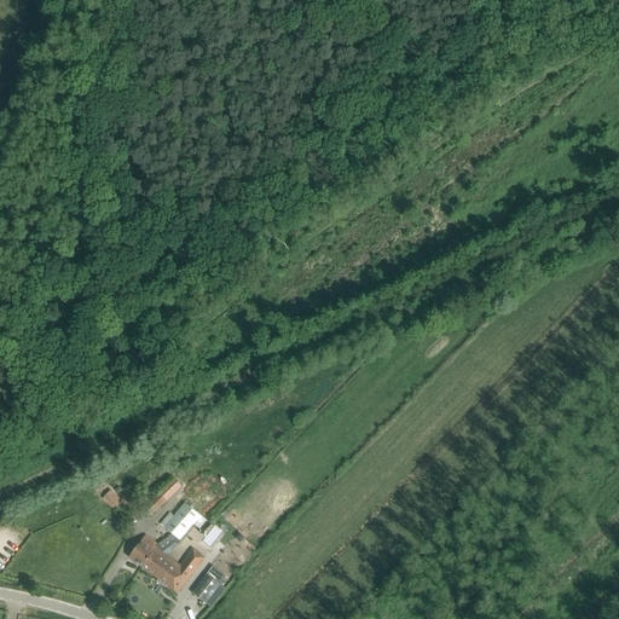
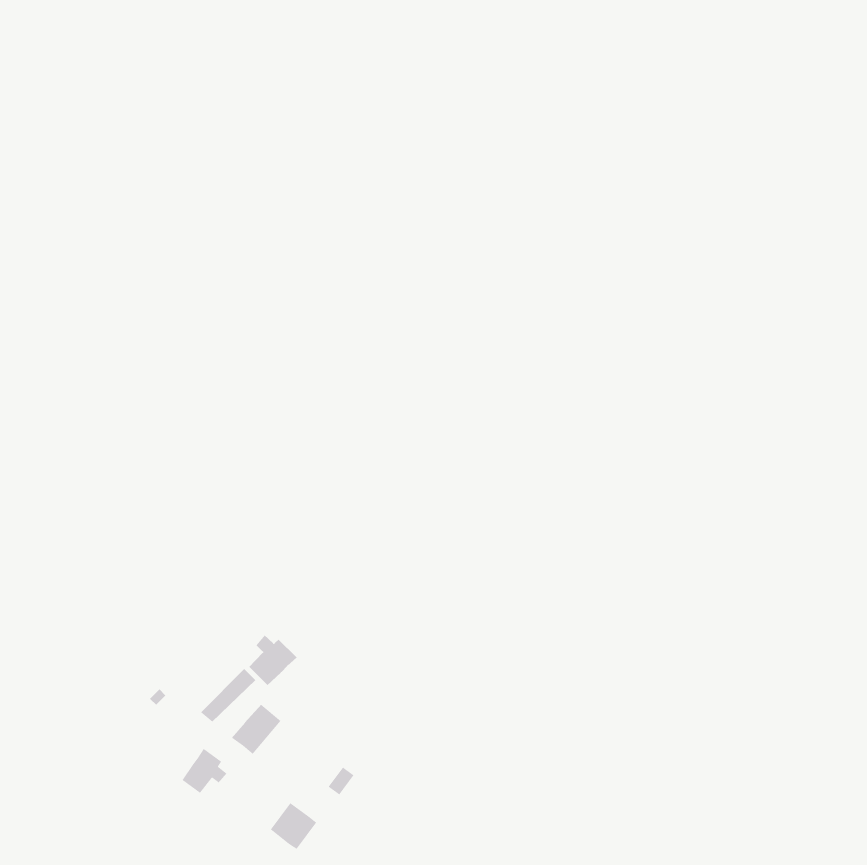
building: none -> [248,635,297,686]
building: [143,550,202,591] -> none

